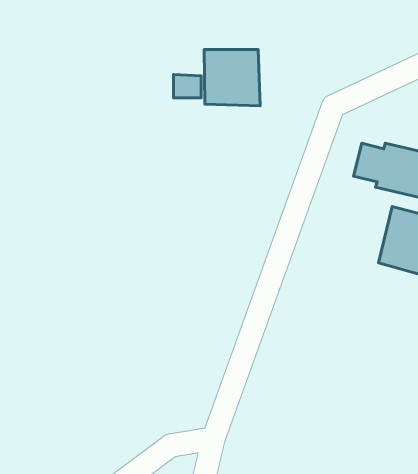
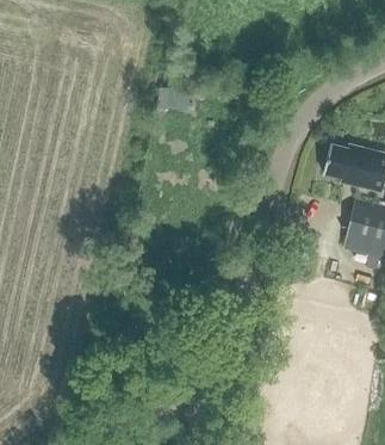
building: [204,50,260,106] -> none

